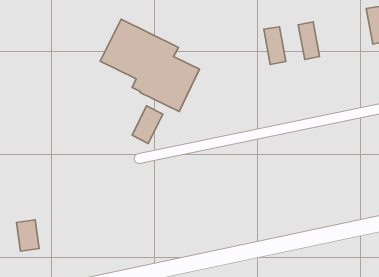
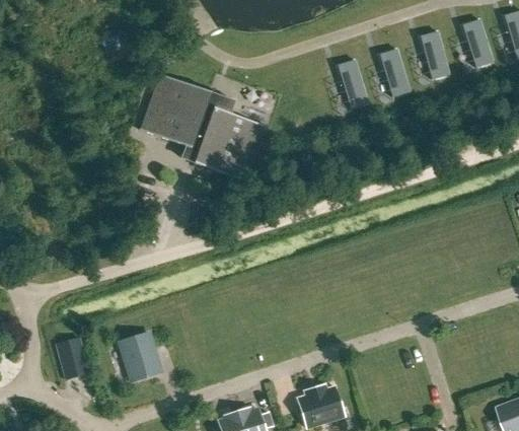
building: none -> [421,31,451,79]
building: [132,106,163,143] -> none
building: none -> [119,331,164,382]

